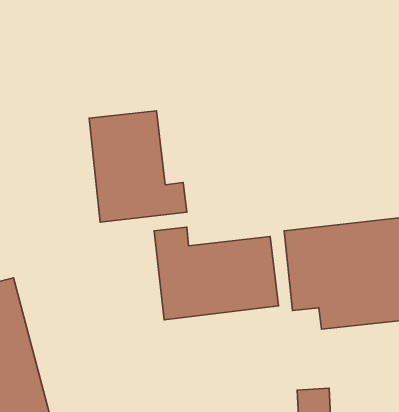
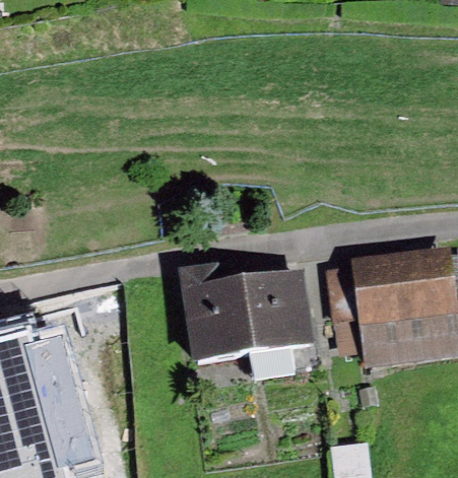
building: [89,111,187,222] -> none

